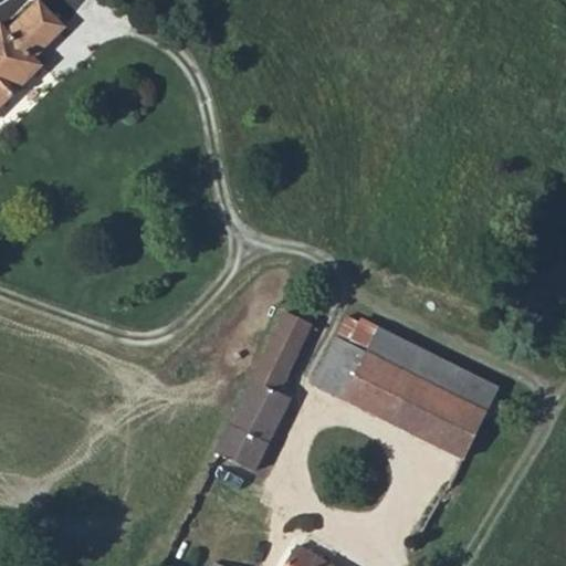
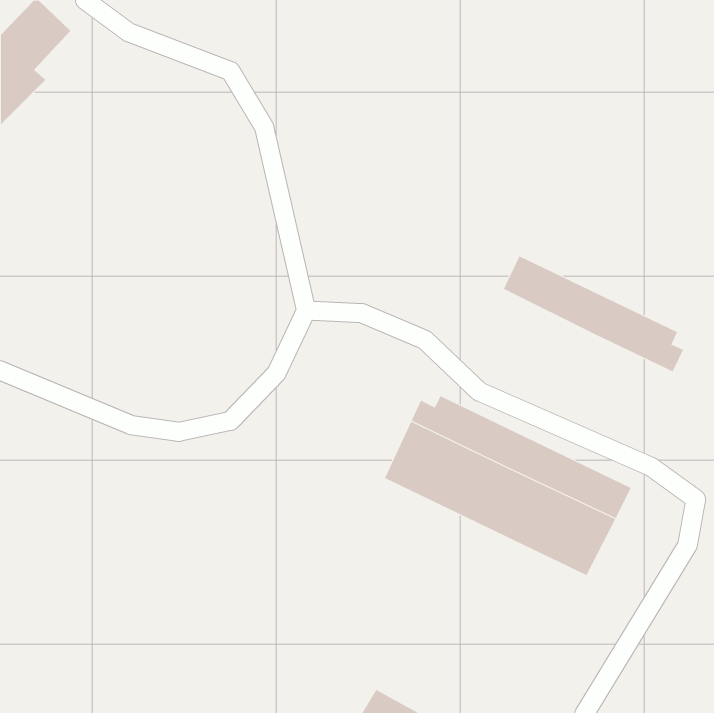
building: none -> [503,255,684,372]
building: [217,315,311,473] -> none

